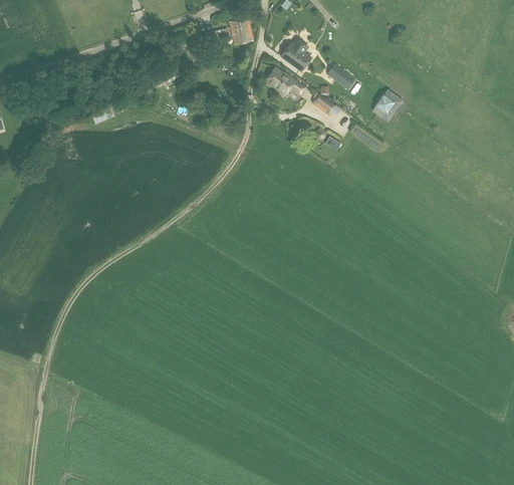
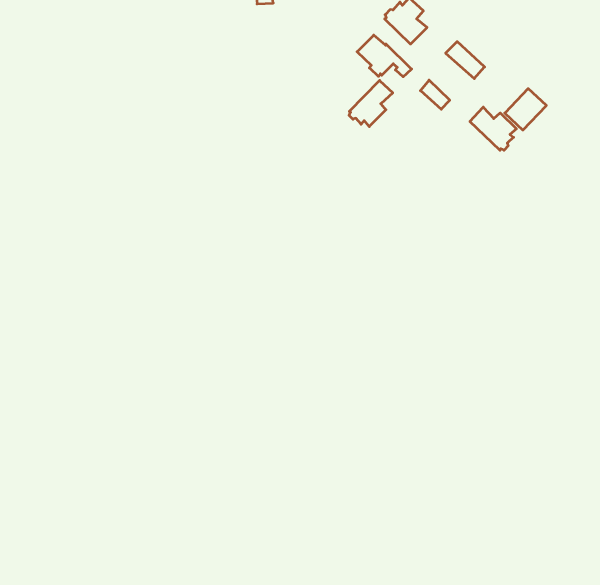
building: none -> [349,80,393,127]
building: none -> [470,107,516,150]

